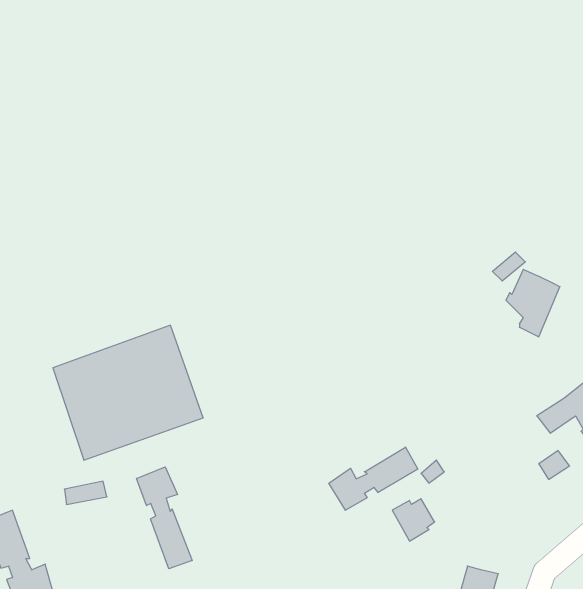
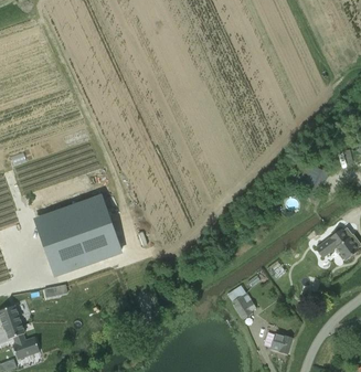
building: [329,447,418,510] -> none
building: [137,467,192,569] -> none

